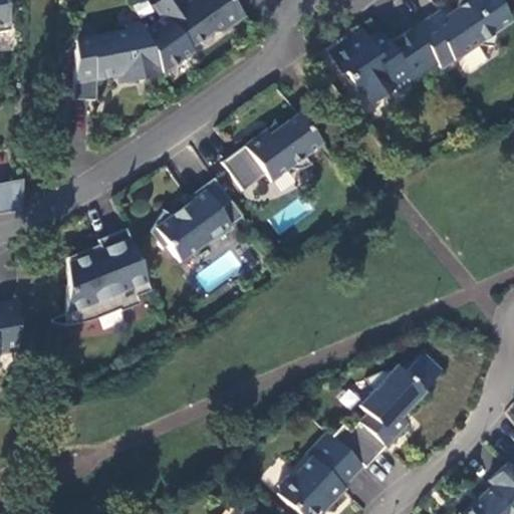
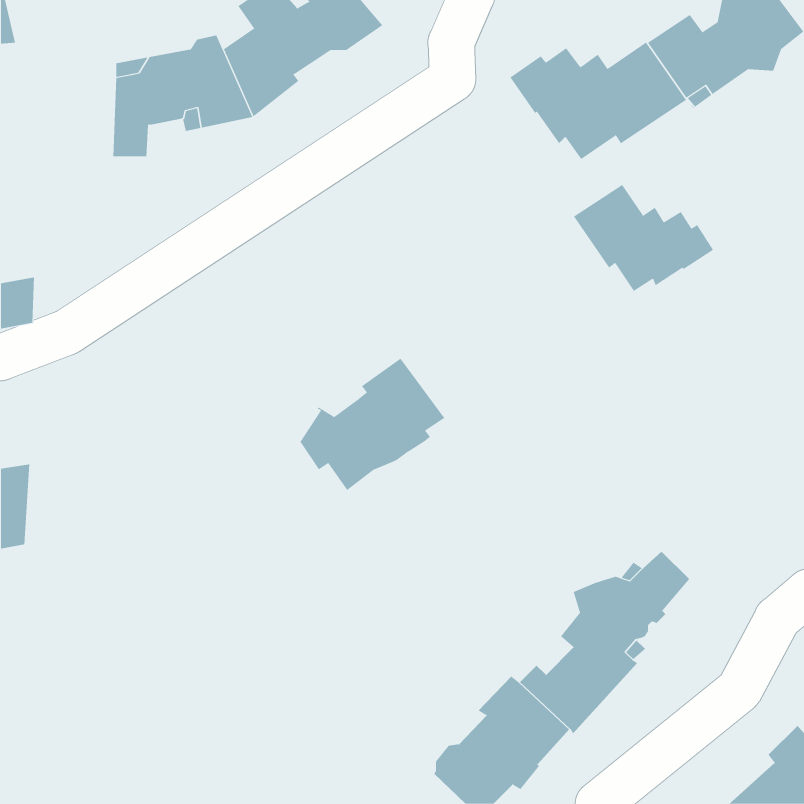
building: [223,112,324,191] -> none
building: none -> [573,183,714,292]
building: [151,178,243,262] -> [300,358,445,491]
building: [66,228,153,324] -> none

